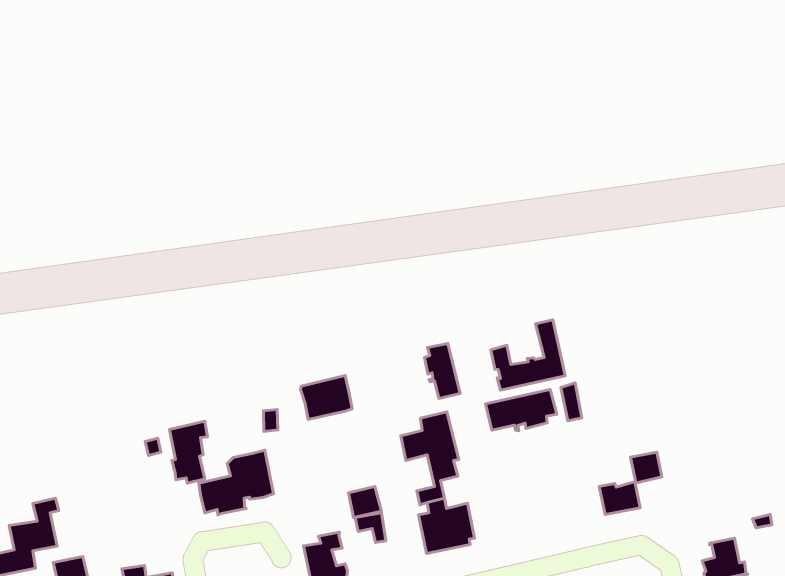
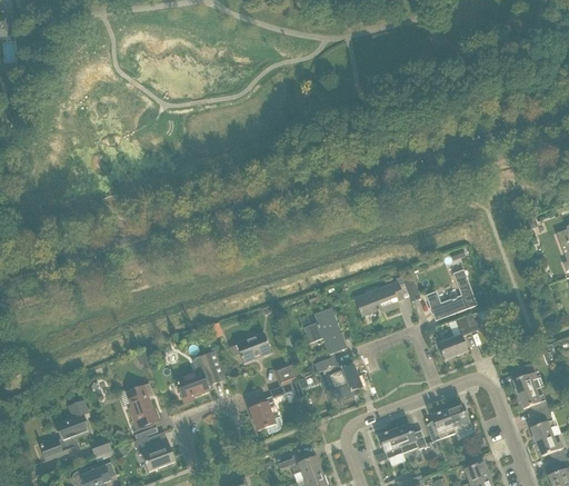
building: [491,320,565,390] -> [426,269,477,320]
building: [424,343,460,398] -> none
building: [301,376,352,420] -> [236,330,271,363]
building: [169,421,208,483] -> [127,384,154,426]

